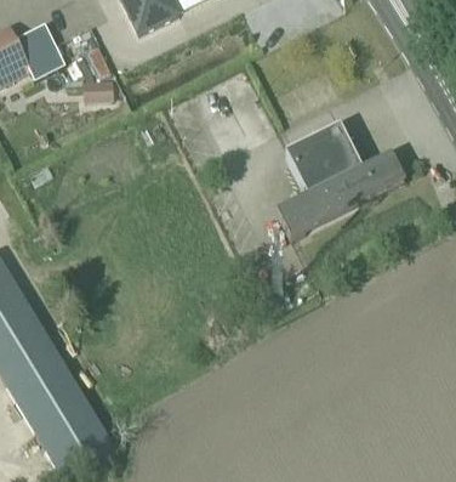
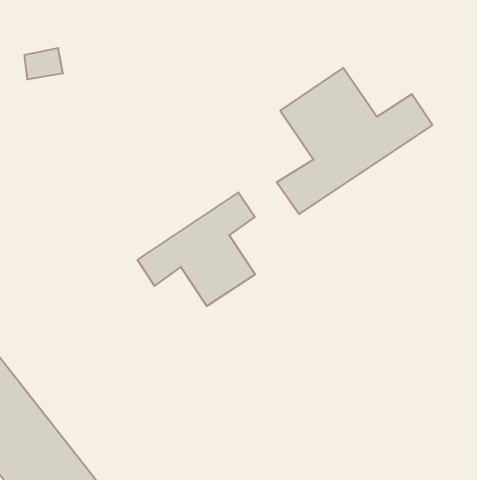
building: none -> [138,192,255,306]

